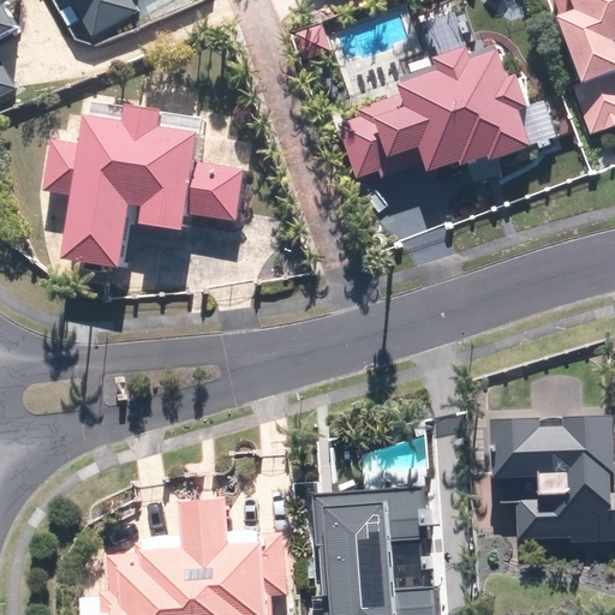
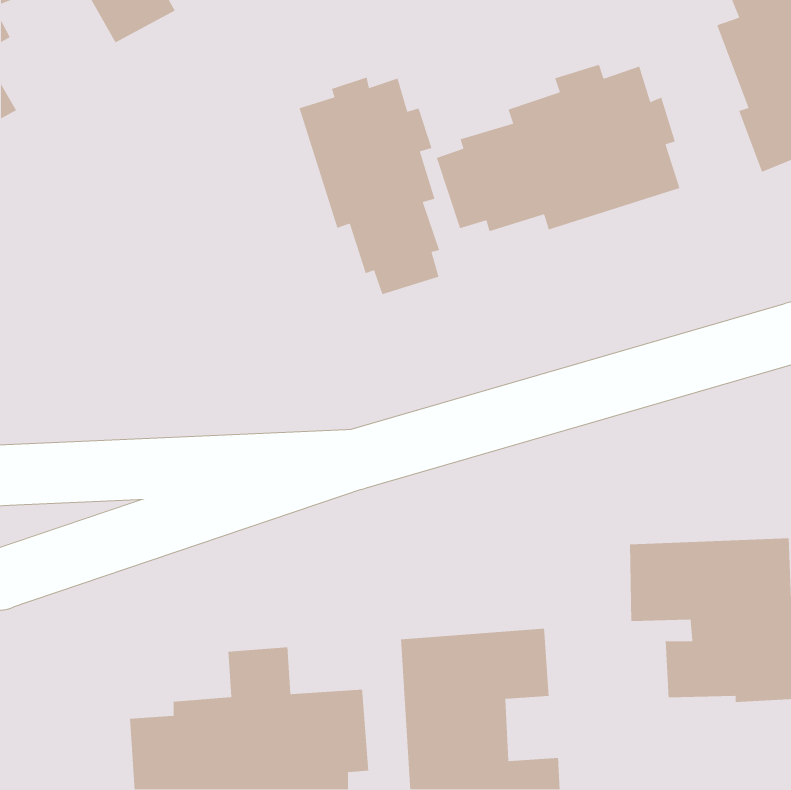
building: none -> [298,77,440,295]
building: [43,109,245,270] -> none

